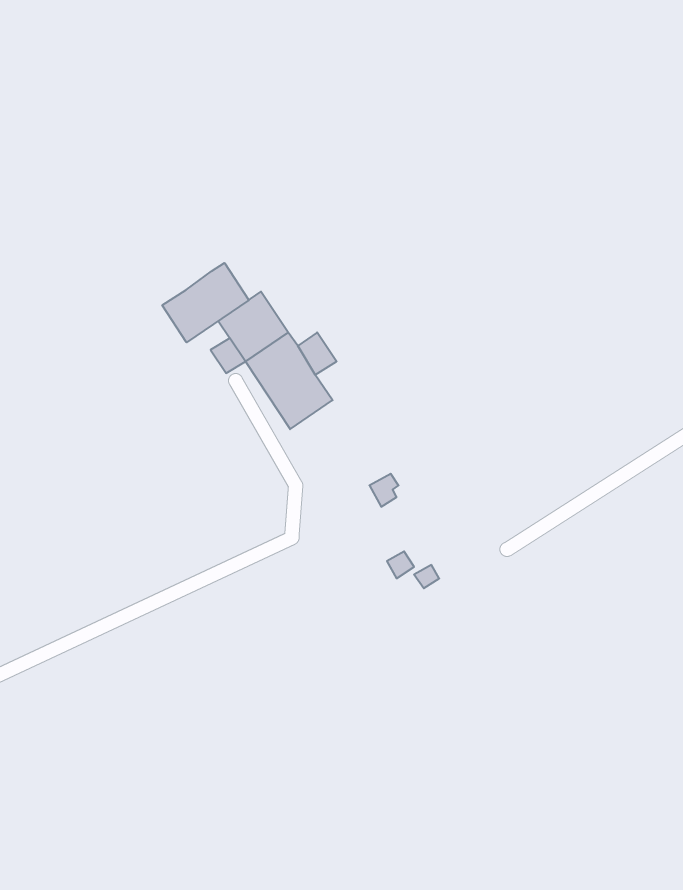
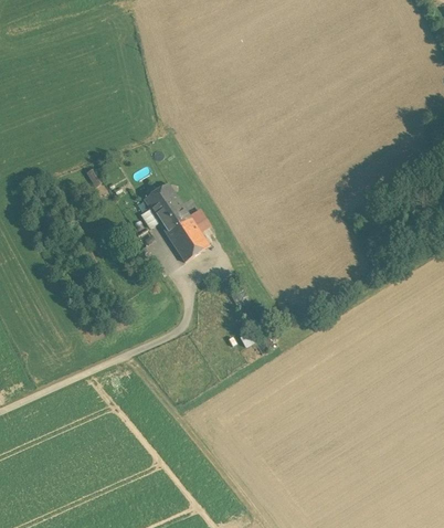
building: [162,263,249,342] -> none

